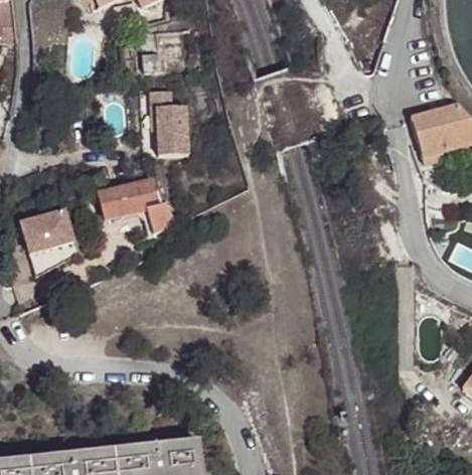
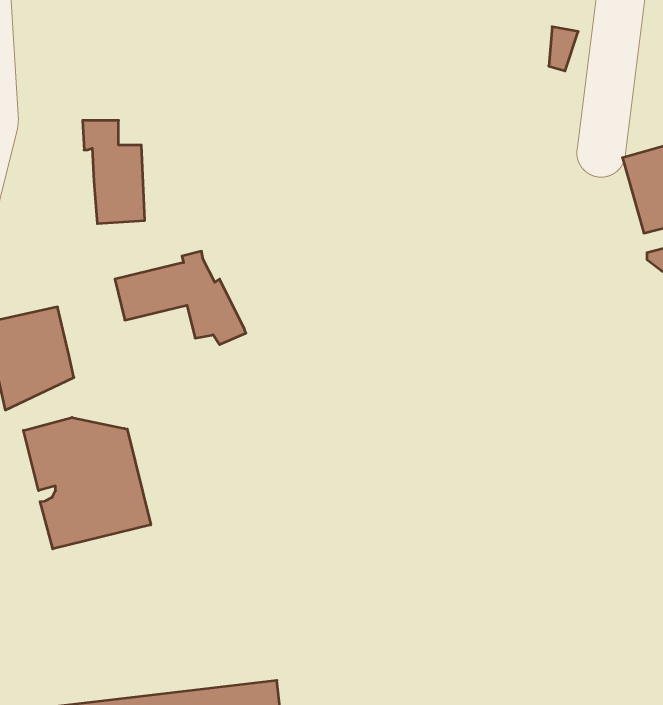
building: [147,97,185,160] -> [83,120,145,224]
building: none -> [23,417,151,549]

